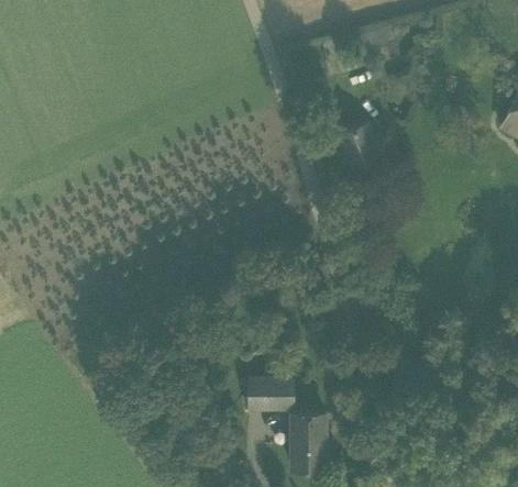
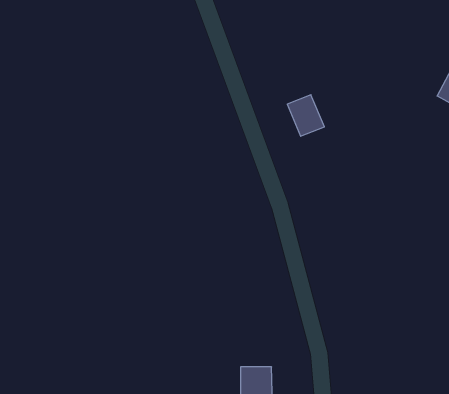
building: [251,383,293,411] -> none

